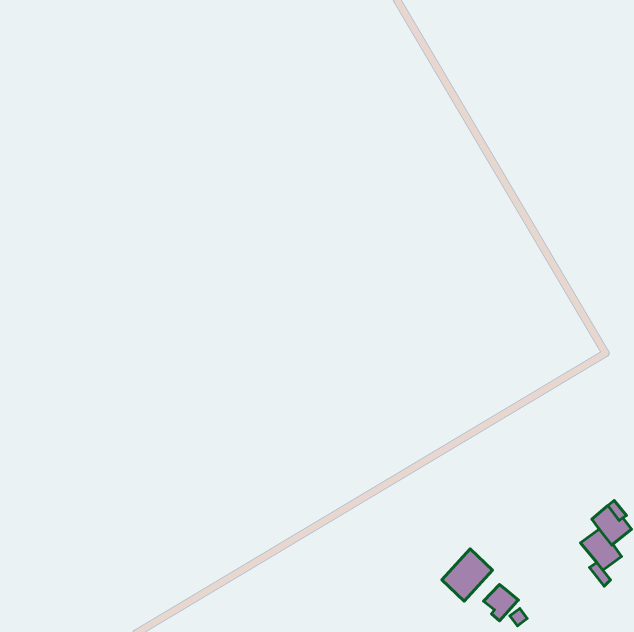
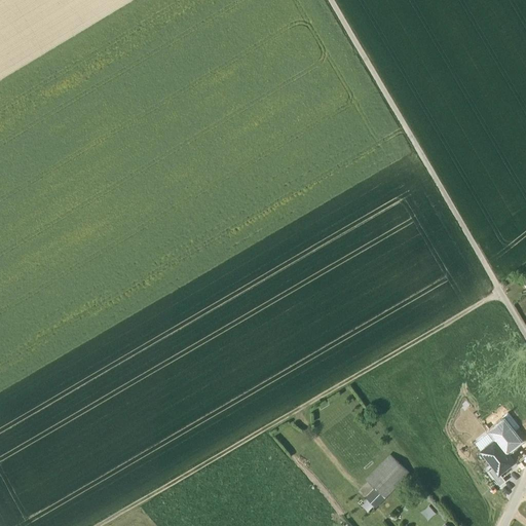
building: [484,584,518,621] -> none

